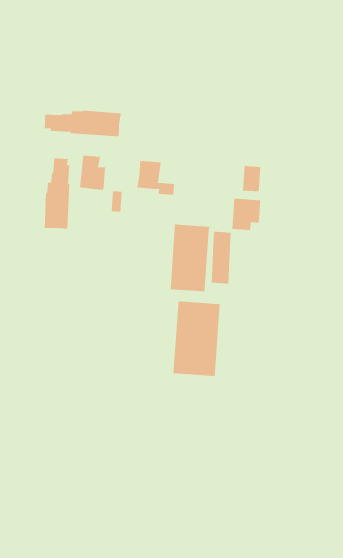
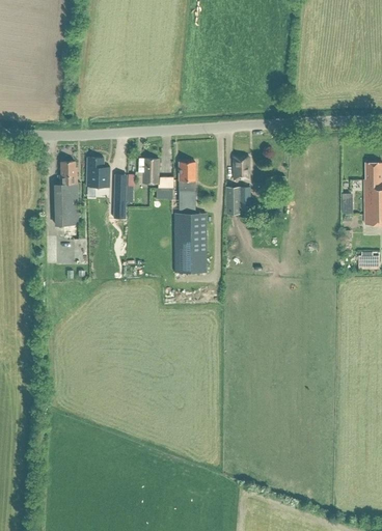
building: [44,110,121,137] -> none
building: [211,231,232,284] -> [179,162,196,208]
building: [173,301,220,377] -> none

